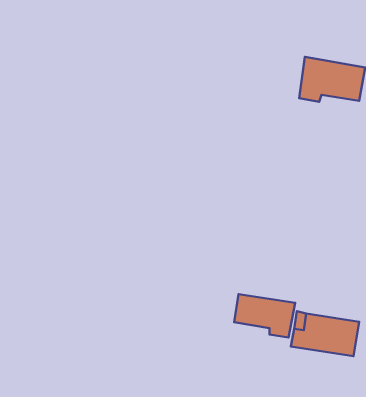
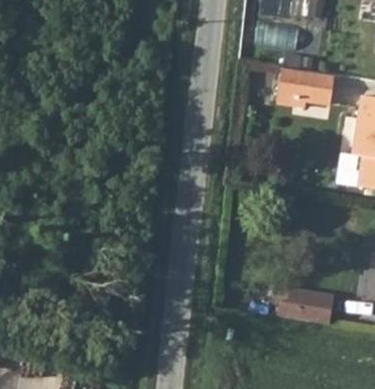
building: [234,294,295,337] -> none

